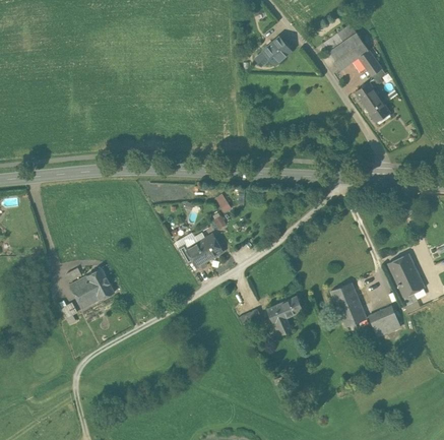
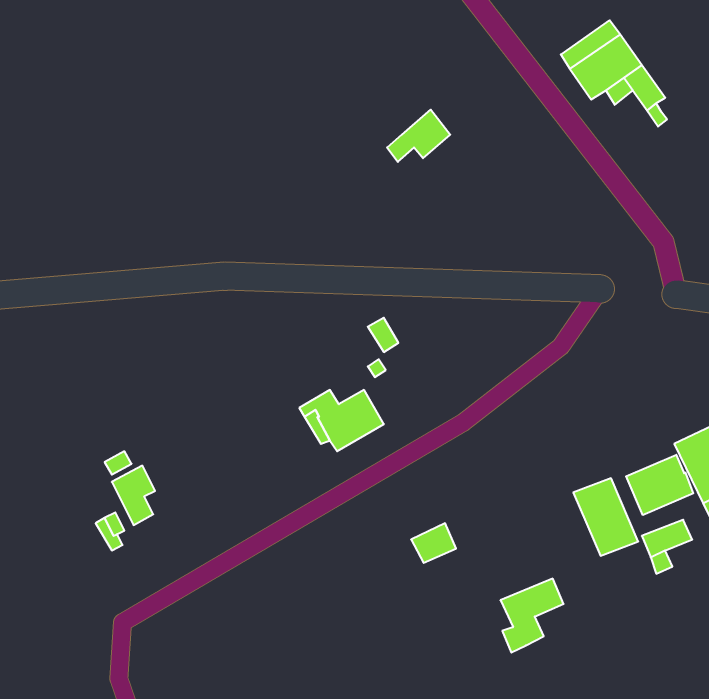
building: [255,37,291,66] -> [387,110,450,162]
building: [356,82,390,123] -> none
building: [87,267,115,303] -> none
building: none -> [626,455,693,515]
building: [267,296,303,337] -> [500,579,564,653]

